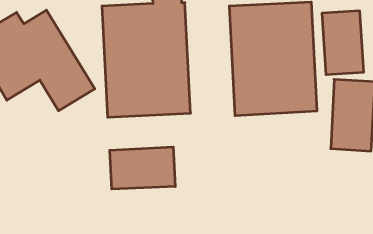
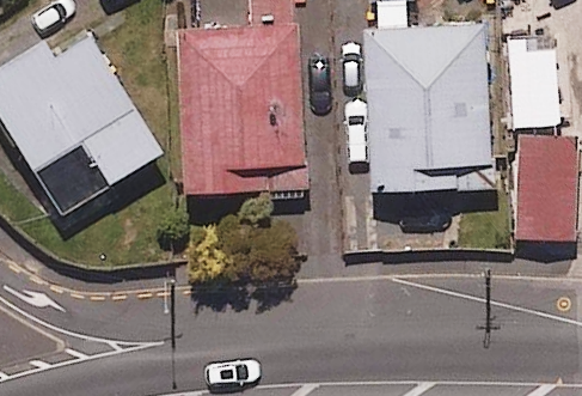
building: [110,147,175,189] -> none

